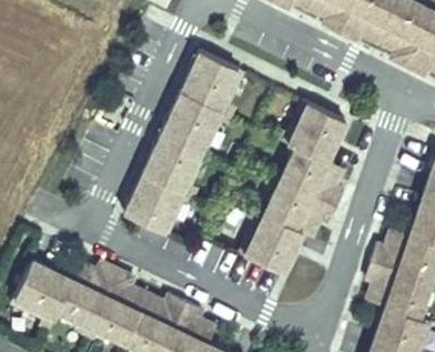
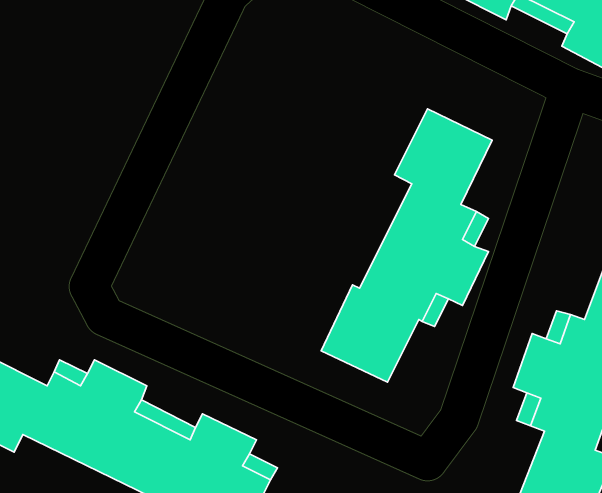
building: [122,48,245,234] -> none

